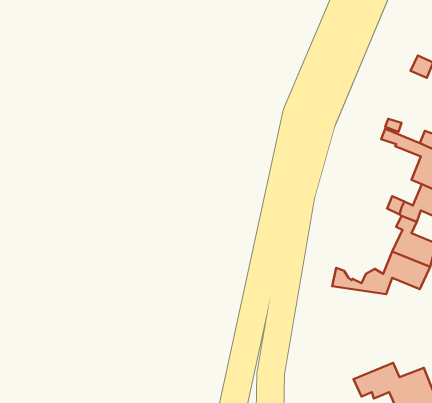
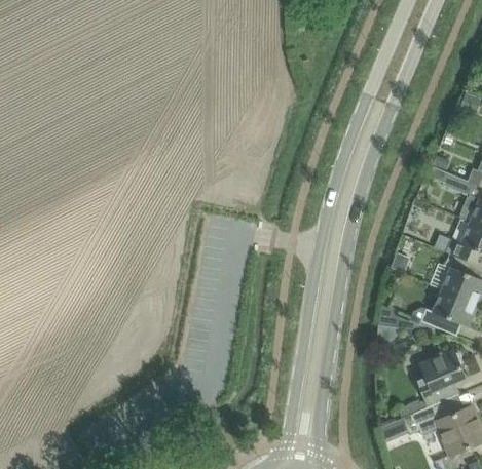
building: none -> [398,351,465,418]

